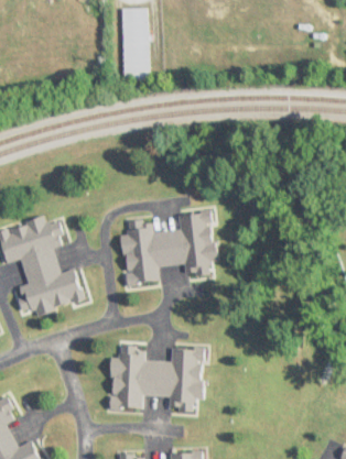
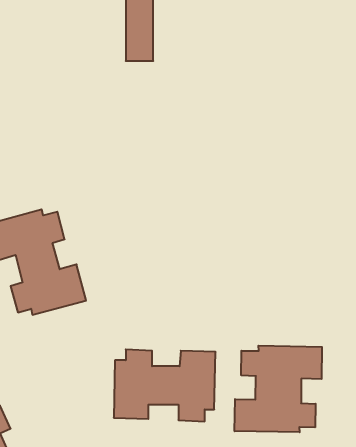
building: [121,211,216,286] -> none
building: none -> [235,346,322,432]

